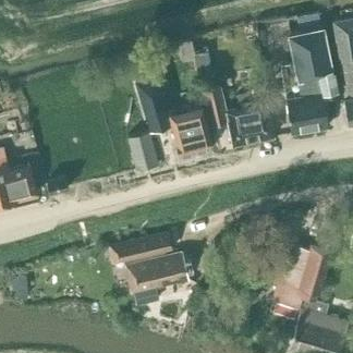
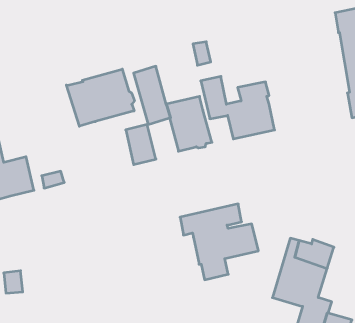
building: [285,26,337,133] -> none
building: none -> [66,69,134,126]
building: [112,232,188,306] -> [180,204,258,280]

